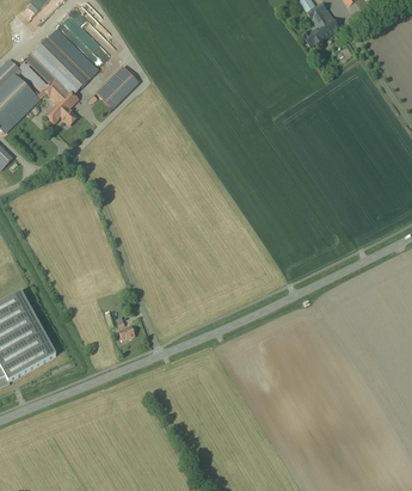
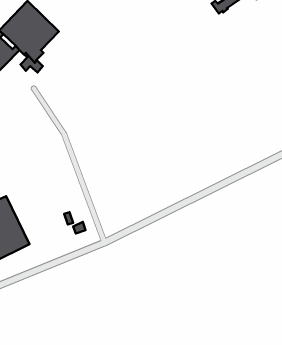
building: [100,69,139,109] -> none

